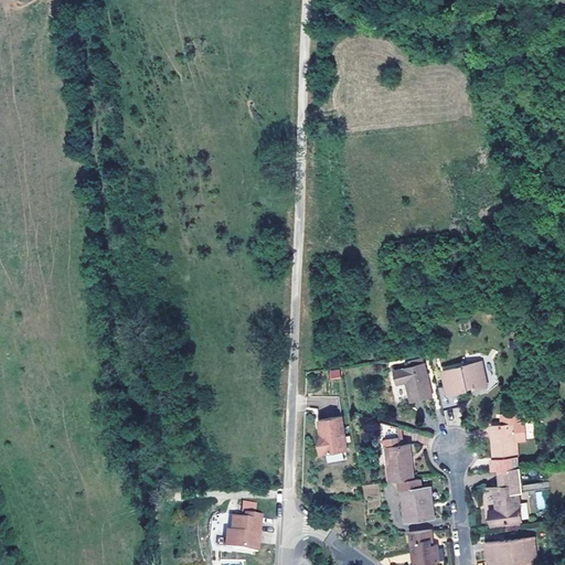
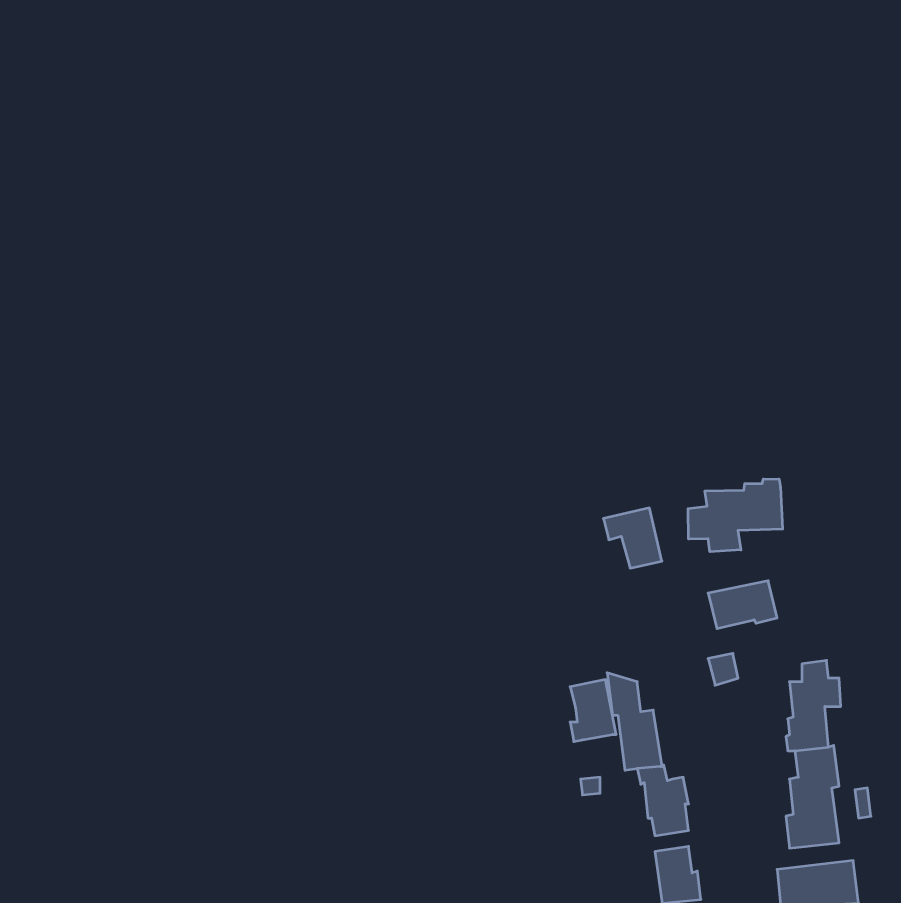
building: none -> [688,479,783,552]
building: [394,363,430,401] -> [603,508,662,568]
building: [316,417,344,456] -> [570,680,616,742]
building: [233,516,263,552] -> none

